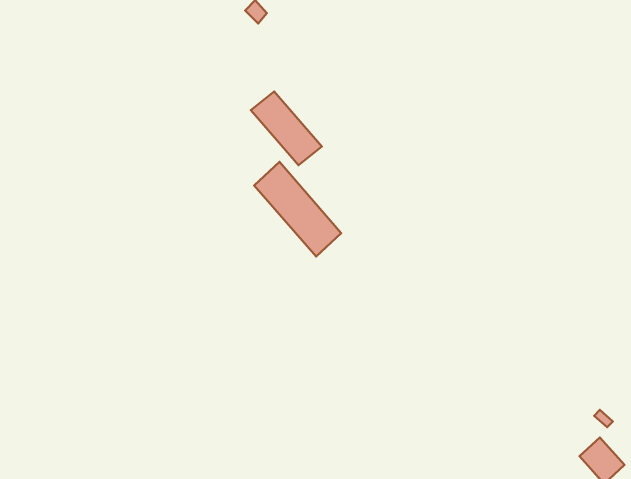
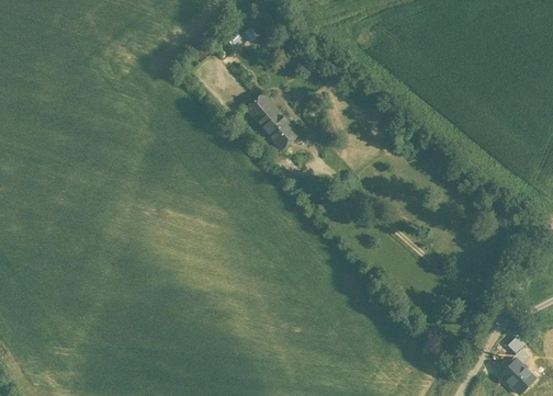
building: [254,162,341,257] -> none

